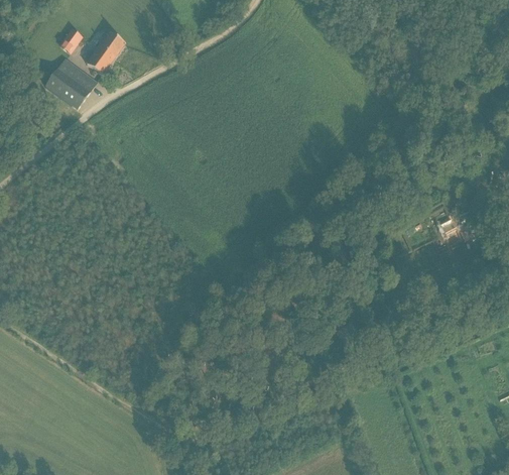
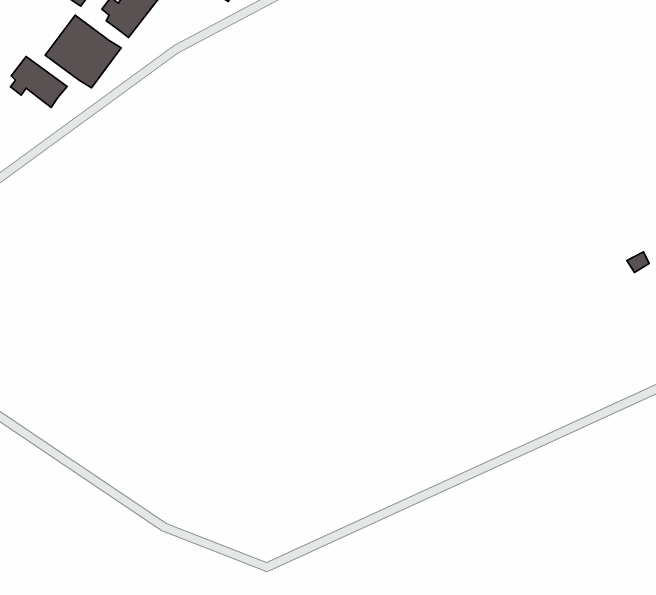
building: none -> [11,56,67,108]

